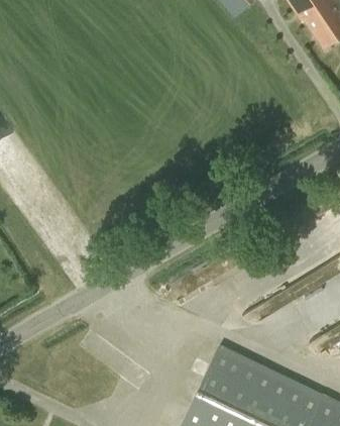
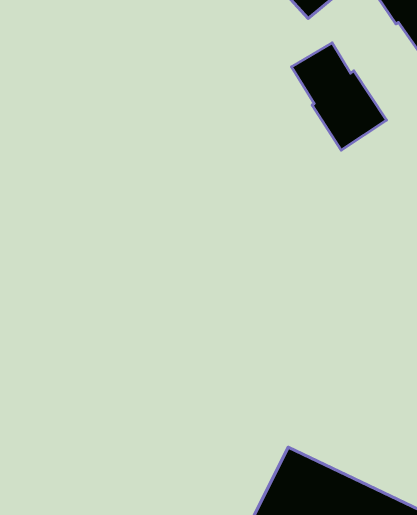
building: none -> [292,43,387,150]

